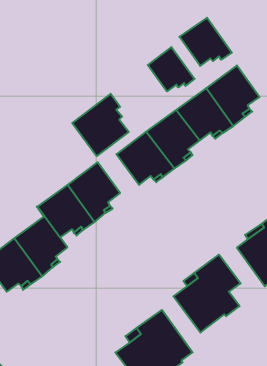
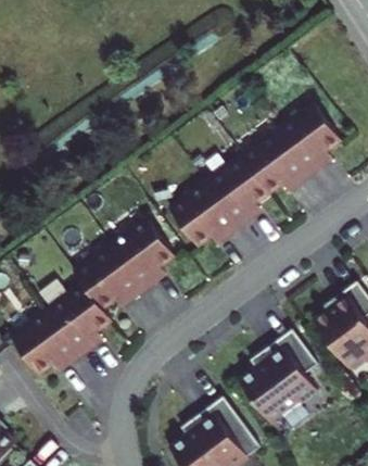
building: [179,18,232,66] -> none
building: [148,47,195,91] -> none
building: [72,94,129,156] -> none

